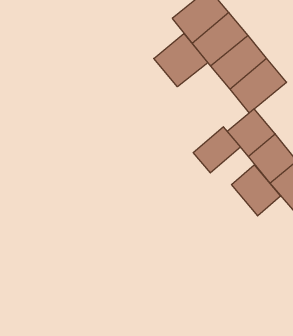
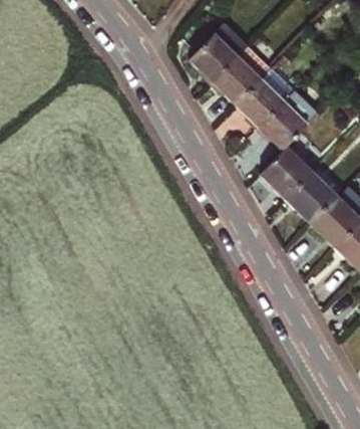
building: [154,34,208,87] -> none
building: [193,127,240,173] -> none
building: [232,165,280,216] -> none

